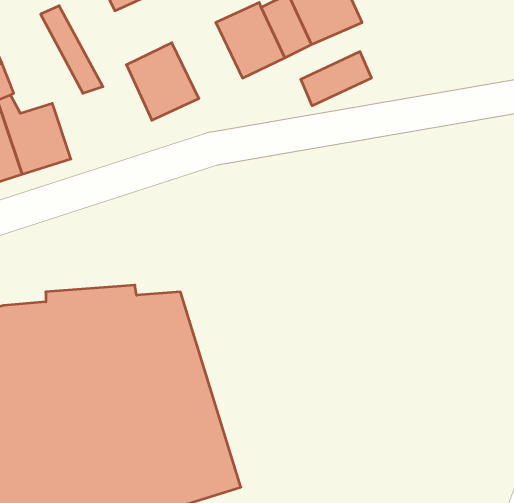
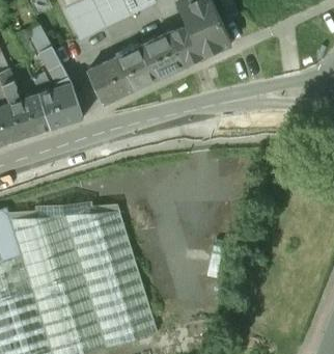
building: none -> [114,45,158,91]
building: [301,52,371,106] -> none
building: none -> [33,74,82,129]

